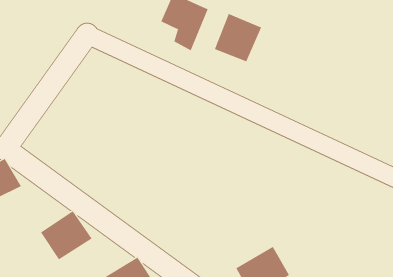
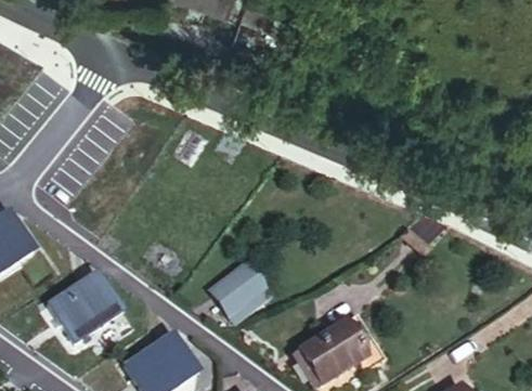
building: [214,13,262,62] -> none
building: none -> [213,257,272,314]

